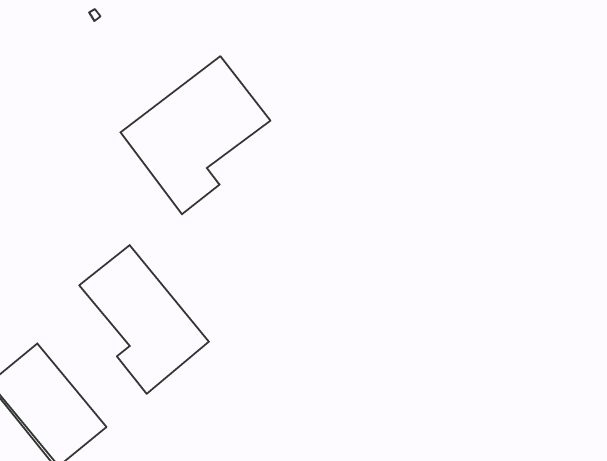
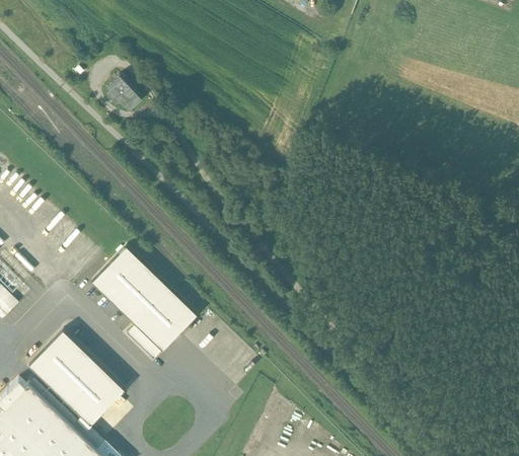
building: none -> [106,76,141,111]
building: [120,56,270,214] -> none

